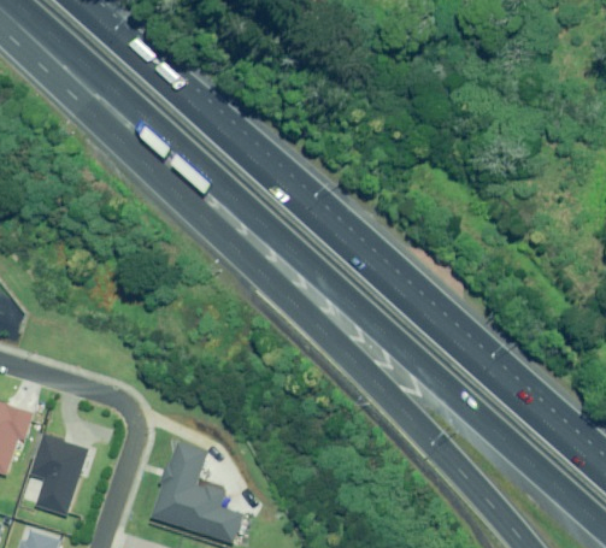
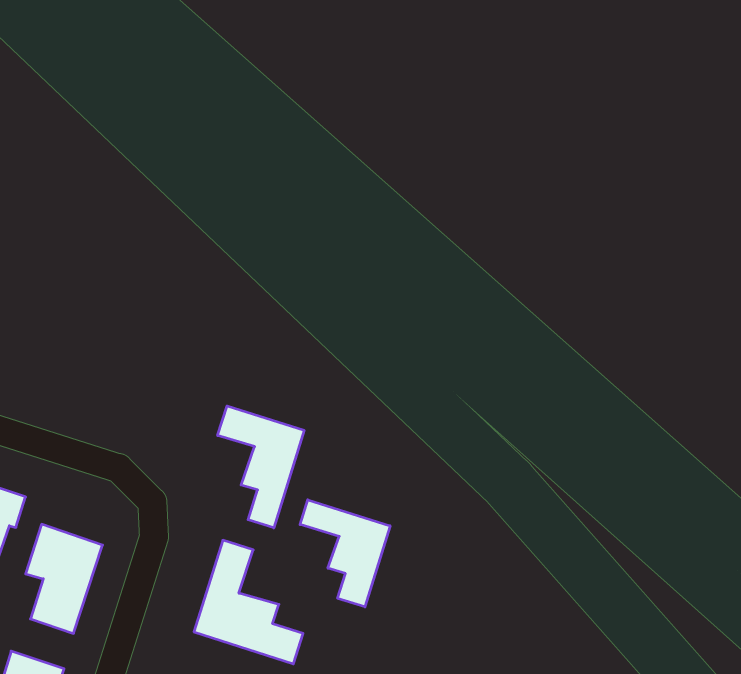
building: none -> [218,406,304,528]
building: none -> [300,500,390,607]

